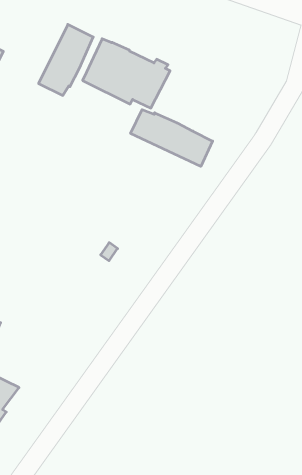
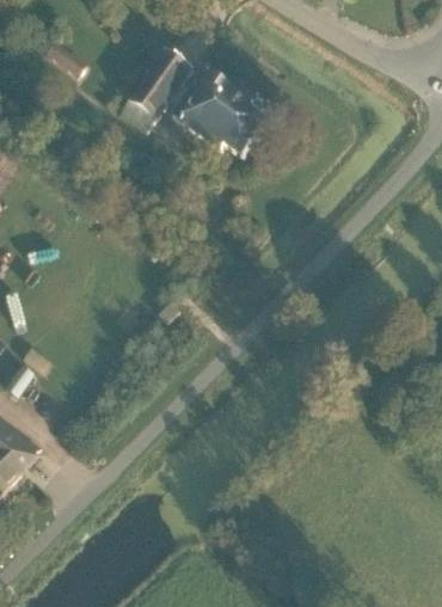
building: [131,110,213,166] -> none

